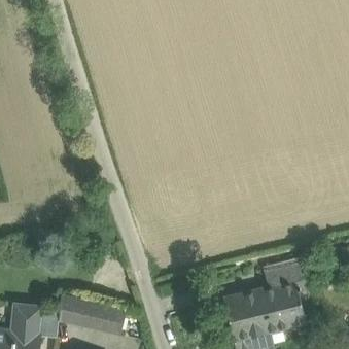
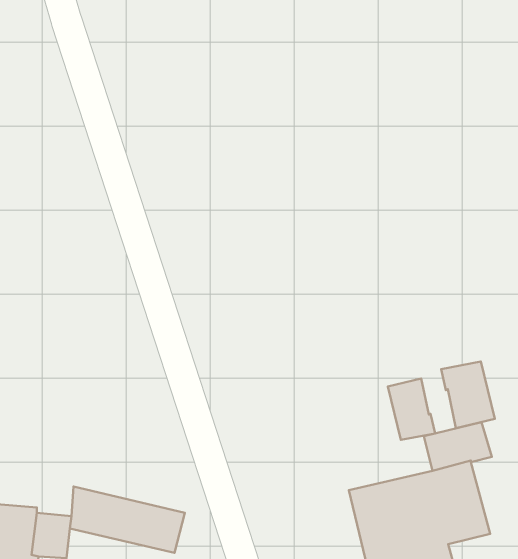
building: none -> [441,361,495,428]
building: none -> [388,378,435,440]

